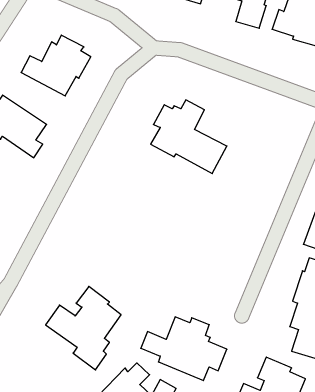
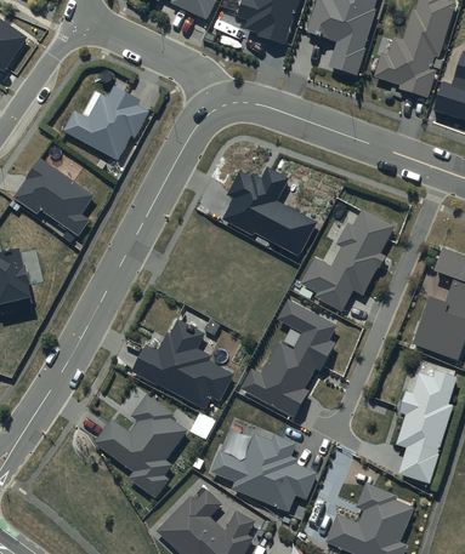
building: none -> [297,210,395,318]
building: none -> [240,298,336,417]
building: none -> [131,319,234,411]

